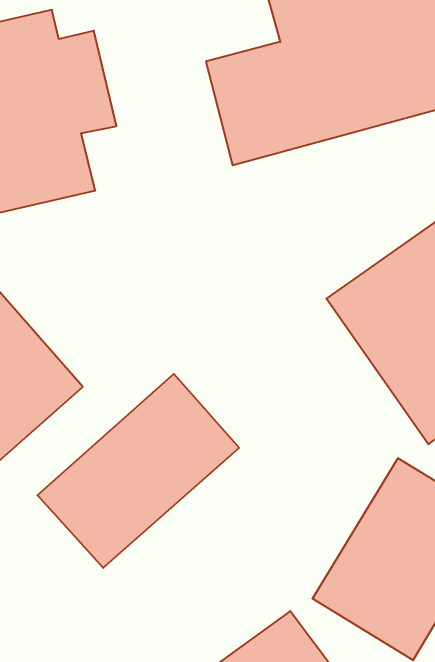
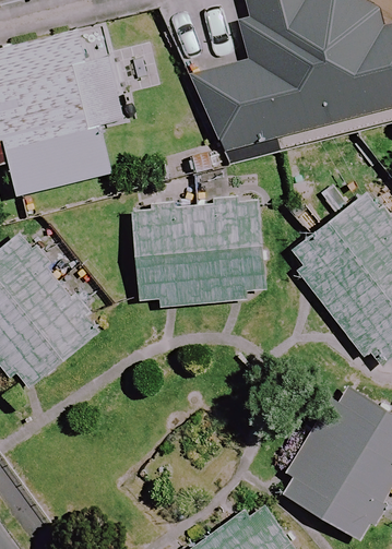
building: none -> [133,200,263,306]
building: [37,374,239,568] -> none

